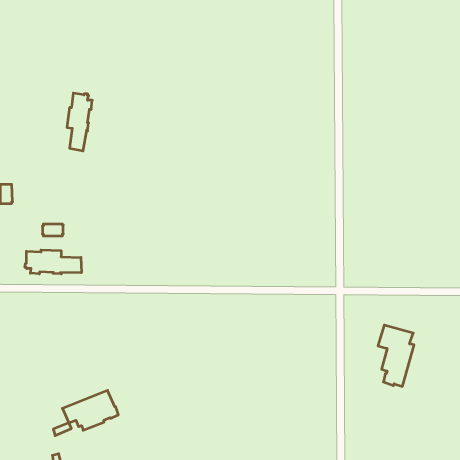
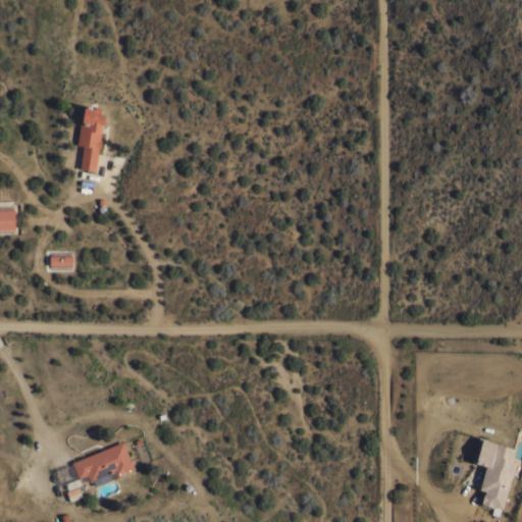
building: [25,250,81,274] -> none
building: [378,325,414,386] -> [476,440,517,510]

